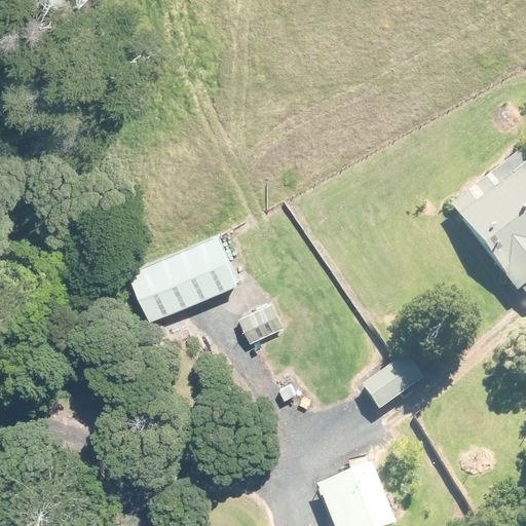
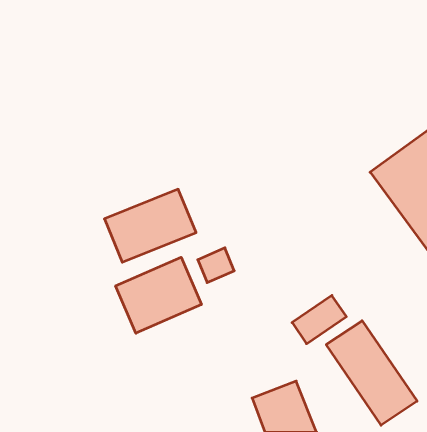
building: none -> [116,257,201,333]
building: none -> [326,321,417,425]

